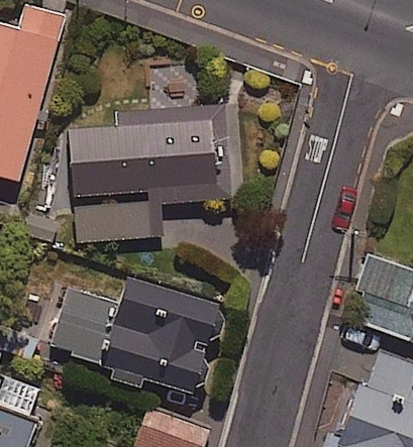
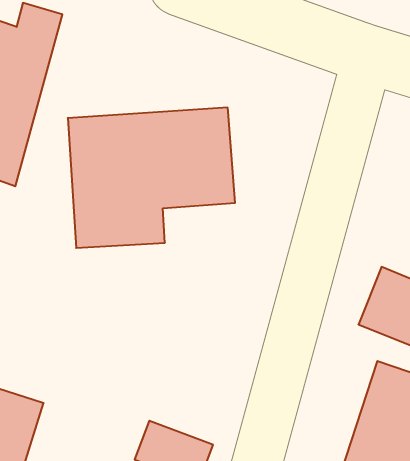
building: [51,278,217,392] -> none

